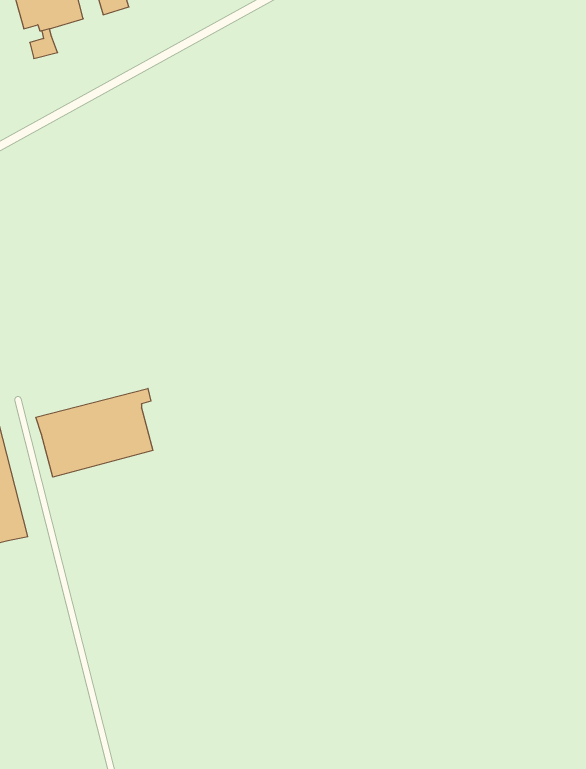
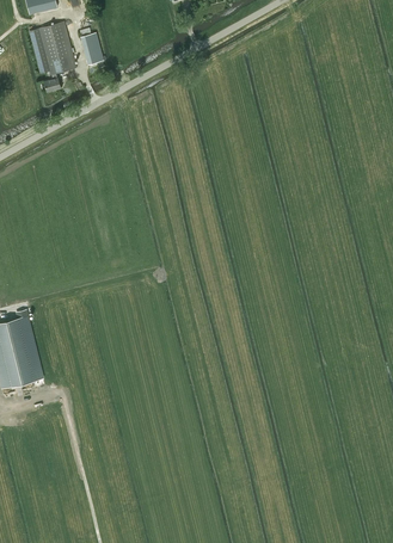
building: [36,388,153,477] -> none

